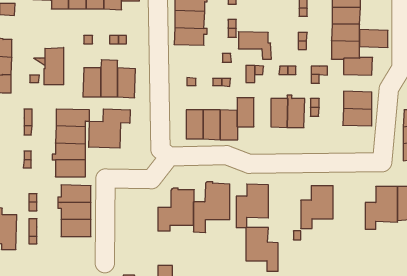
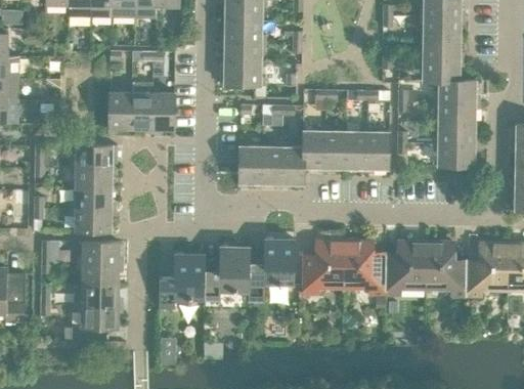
building: [360,30,388,47] -> [439,101,475,124]
building: [238,32,271,59] -> [224,63,266,98]
building: [44,47,64,85] -> none
building: none -> [325,131,347,168]
building: [89,109,130,148] -> none
building: none -> [425,243,467,298]
building: none -> [159,253,205,308]
building: [246,228,278,271] -> [344,242,385,297]
building: none -> [72,307,119,343]

